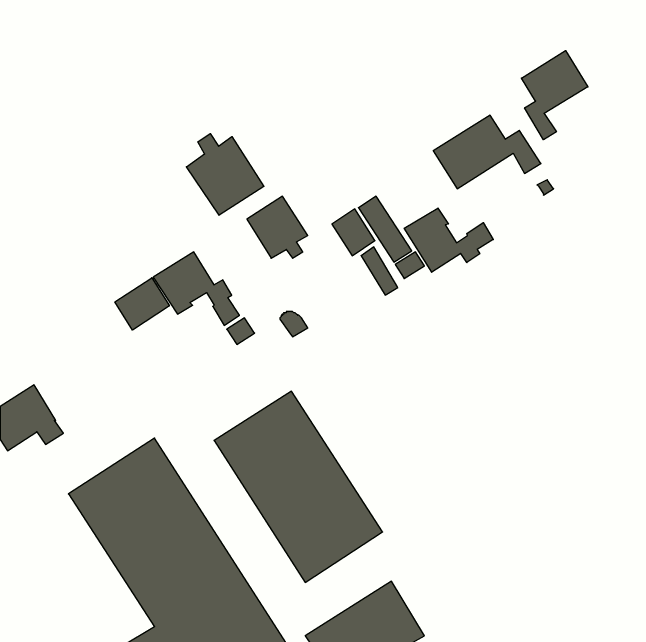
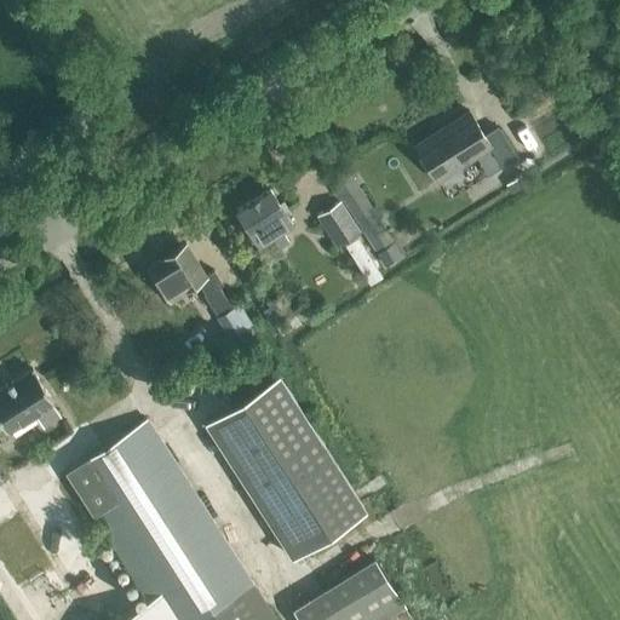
building: [521,51,588,140] -> none
building: [186,134,264,215] -> none
building: [404,208,493,272] -> none
building: [115,278,169,330] -> none

